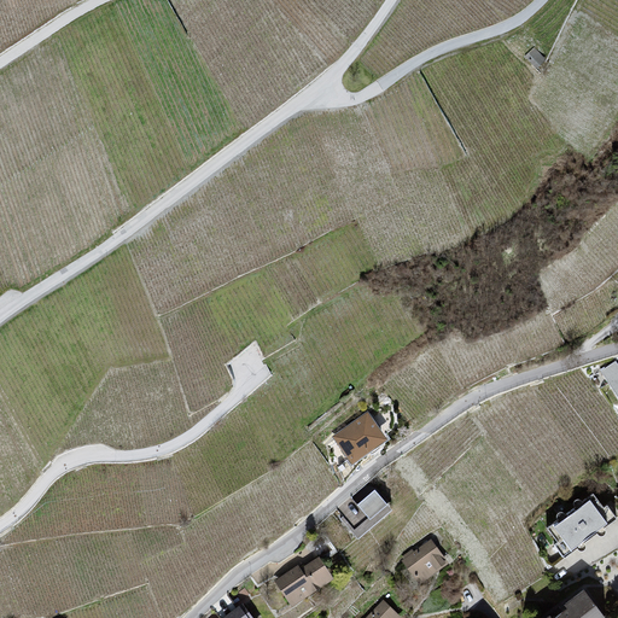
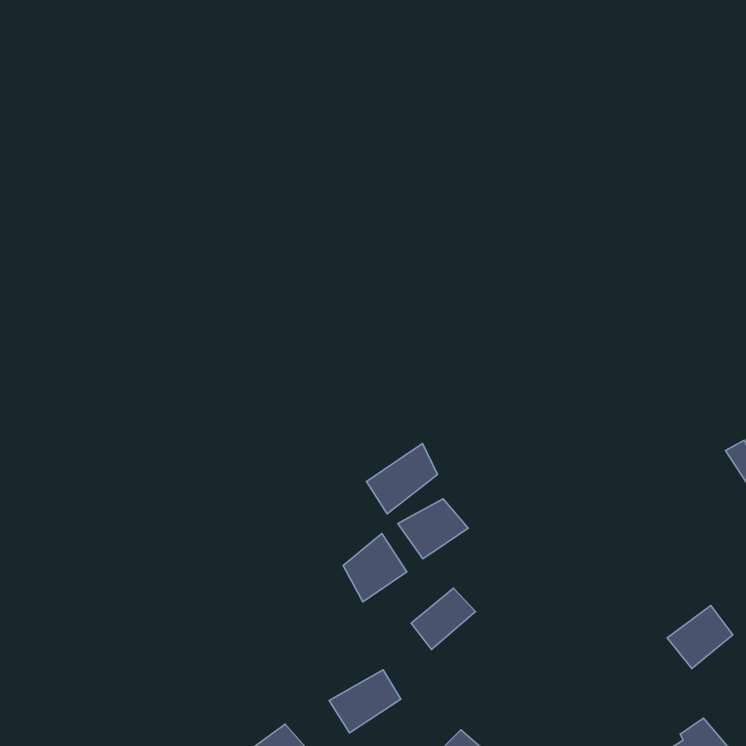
building: none -> [367,443,437,514]
building: none -> [343,533,407,602]
building: [398,542,449,587] -> none

